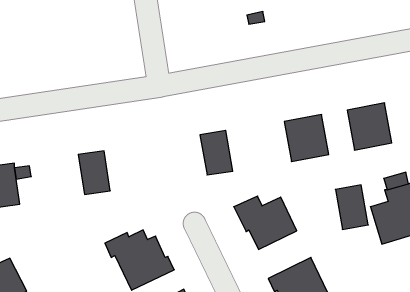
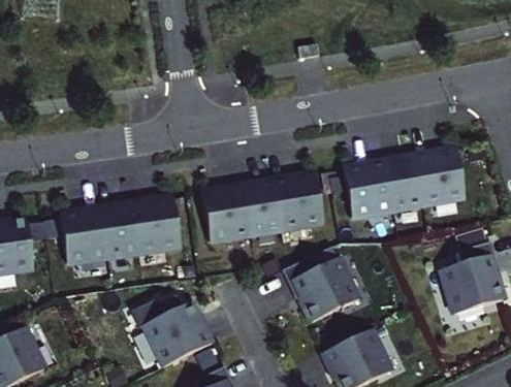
building: none -> [274,174,325,229]
building: none -> [200,187,252,241]
building: none -> [132,198,183,252]
building: none -> [58,209,109,263]
building: [335,185,368,229] -> [385,158,423,209]

